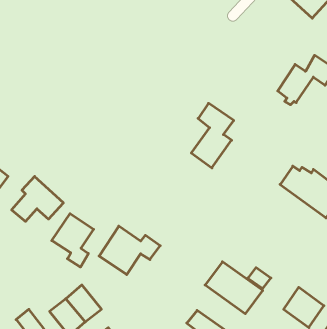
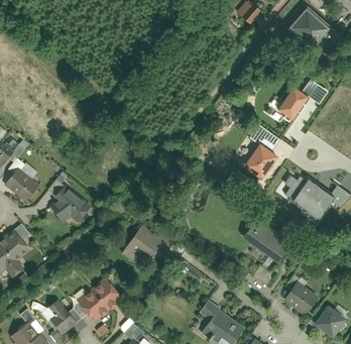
building: [191,103,234,168] -> [243,124,280,181]
building: [52,214,94,267] -> none
building: [205,262,263,314] -> [242,221,292,266]

